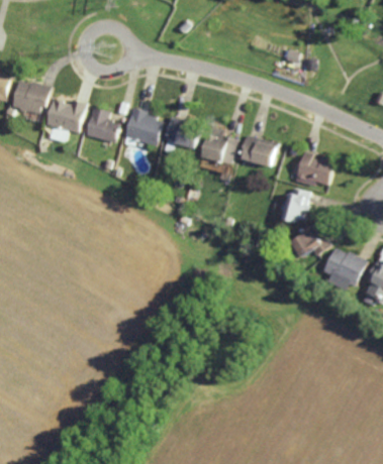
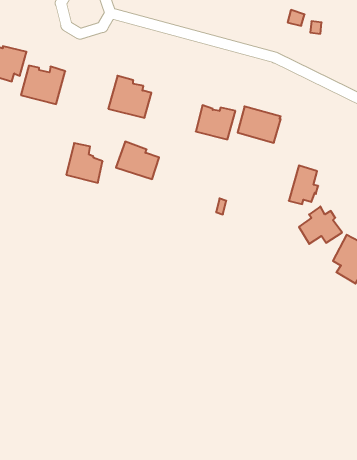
building: [86,108,118,143] -> [66,143,103,183]
building: [163,116,201,149] -> [116,142,159,179]
building: [296,151,333,186] -> none

